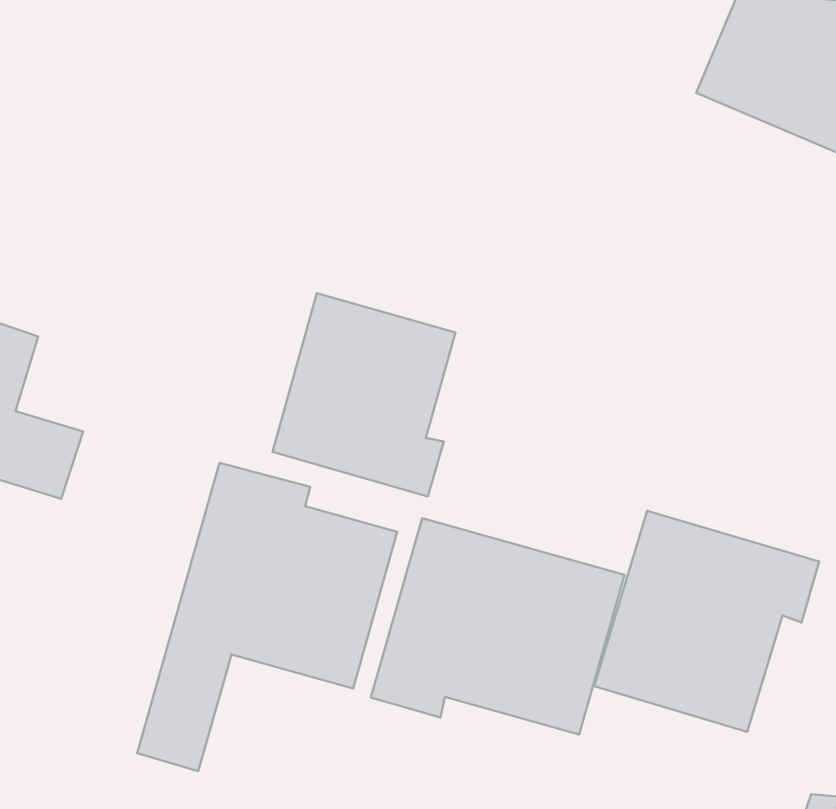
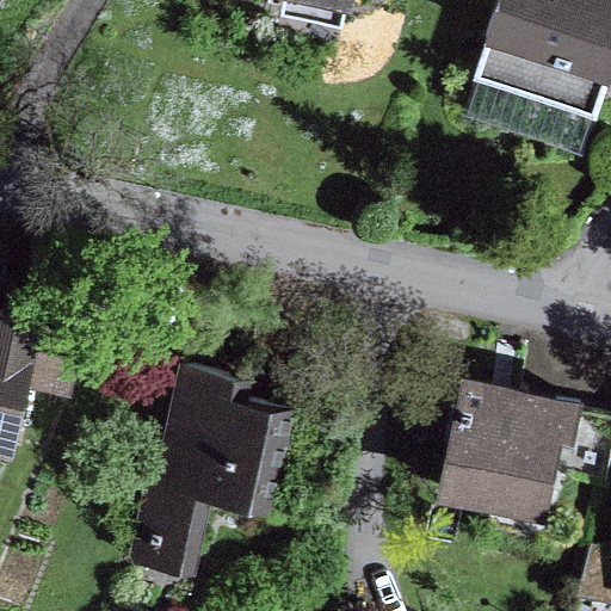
building: [272,293,455,496] -> none
building: [371,518,624,734] -> none

